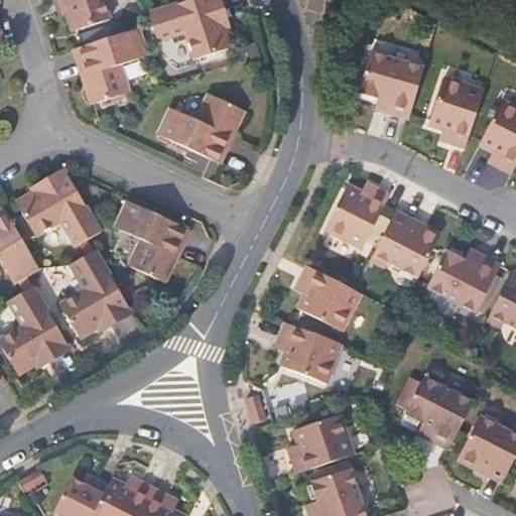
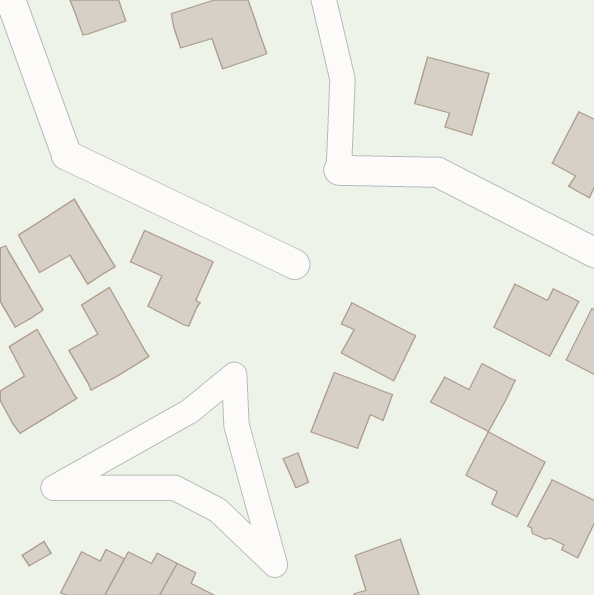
building: [78,27,146,104] -> none
building: [427,74,485,146] -> none
building: [157,94,244,160] -> none
building: [325,180,390,245] -> none
building: [374,207,439,274] -> none
building: none -> [431,364,515,432]
building: [287,410,353,472] -> none

